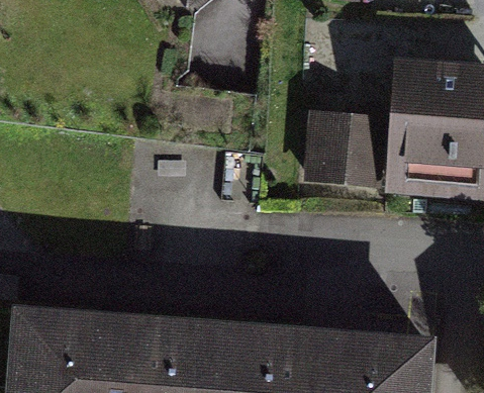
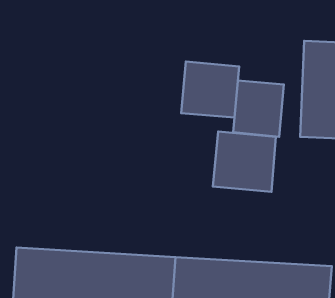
building: none -> [181,62,239,117]
building: none -> [213,132,276,192]

